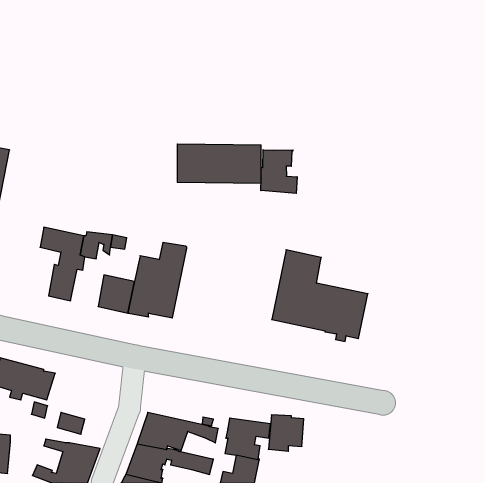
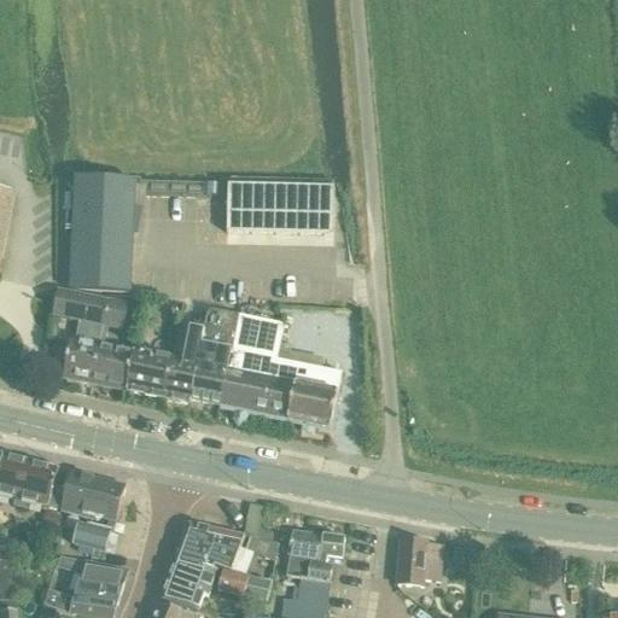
building: none -> [68,175,133,288]
building: [261,150,297,193] -> none
building: [272,250,368,341] -> [218,314,340,430]
building: none -> [89,340,132,387]
building: none -> [59,471,124,520]
building: [268,415,304,451] -> [396,538,441,584]

